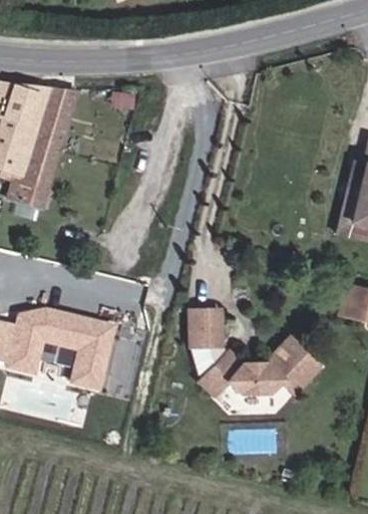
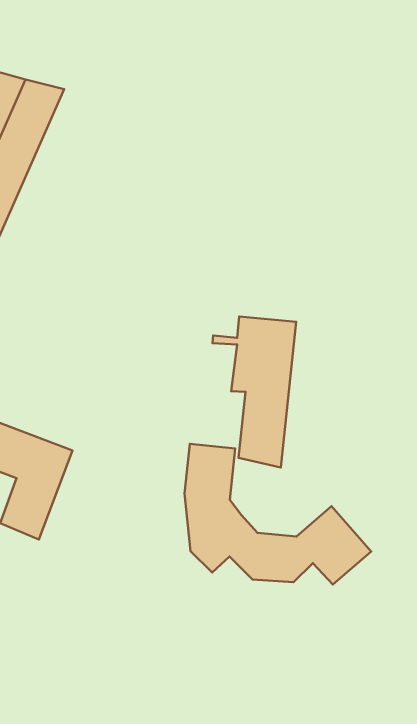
building: none -> [213,316,296,468]

